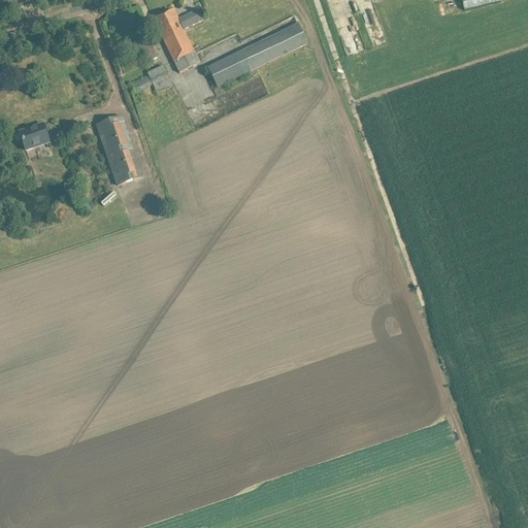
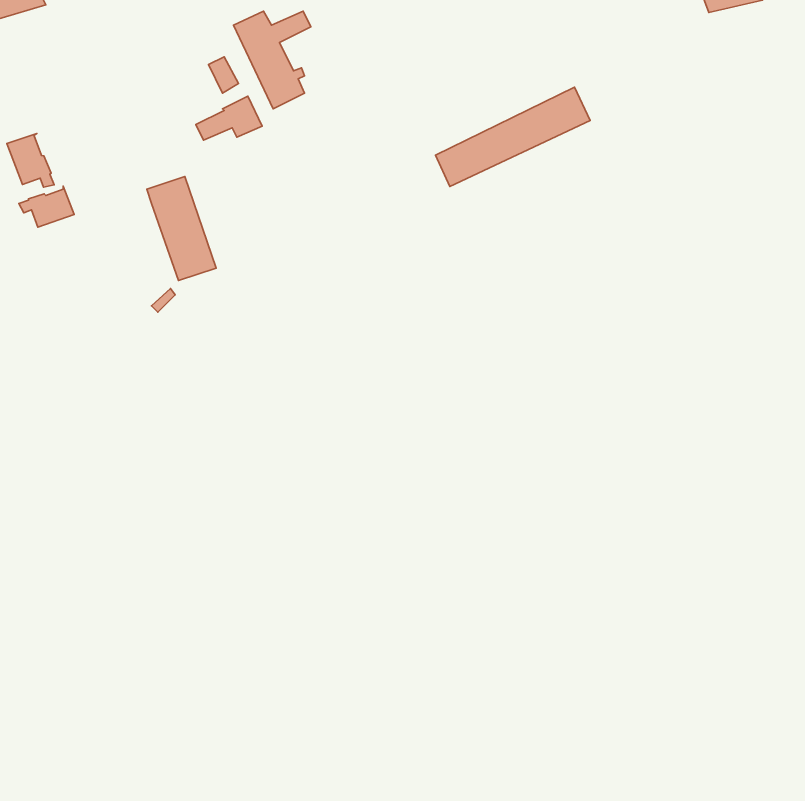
building: [206,21,307,86] -> [436,87,590,187]
building: none -> [7,134,54,187]

